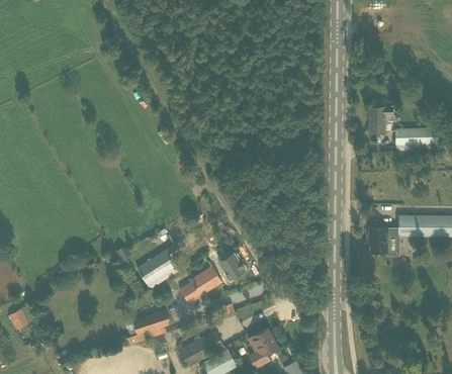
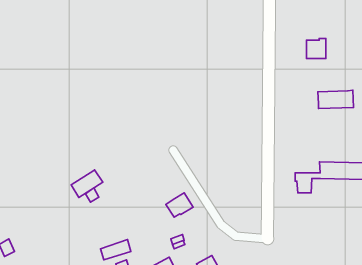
building: [370,107,393,131] -> [307,38,326,58]
building: [138,250,176,283] -> [71,170,103,197]
building: [180,267,221,302] -> none

